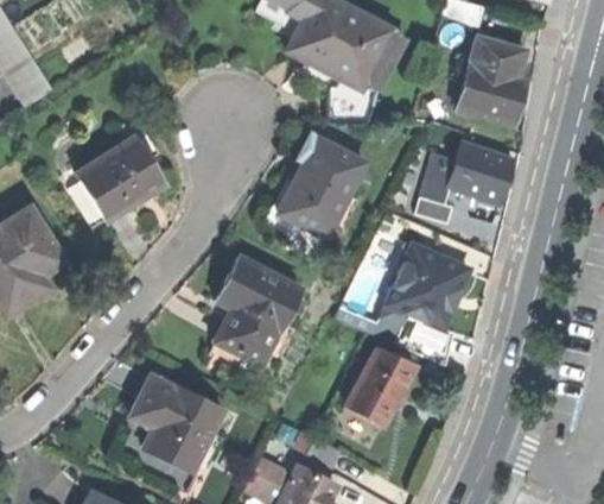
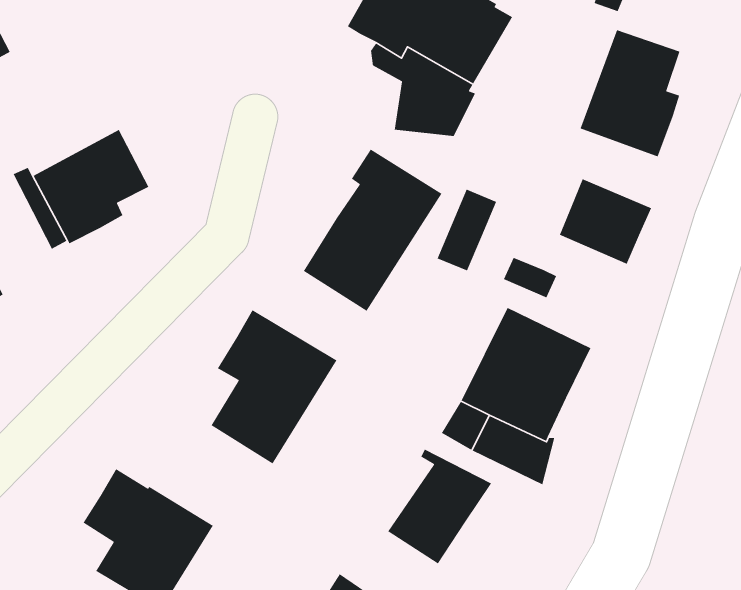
building: [418,151,457,209] -> [437,189,497,272]

